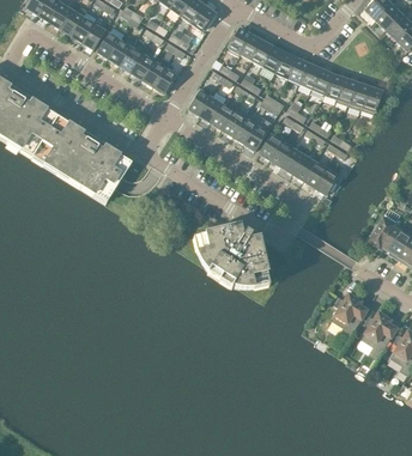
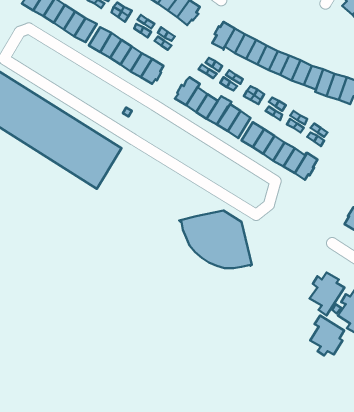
building: none -> [310,316,344,356]

